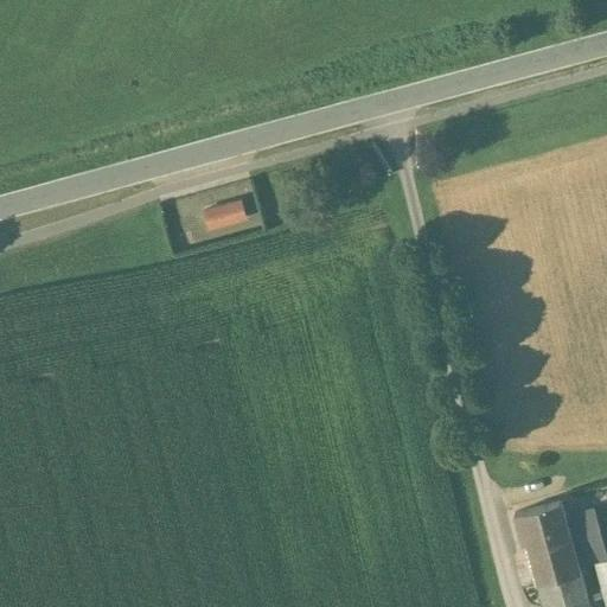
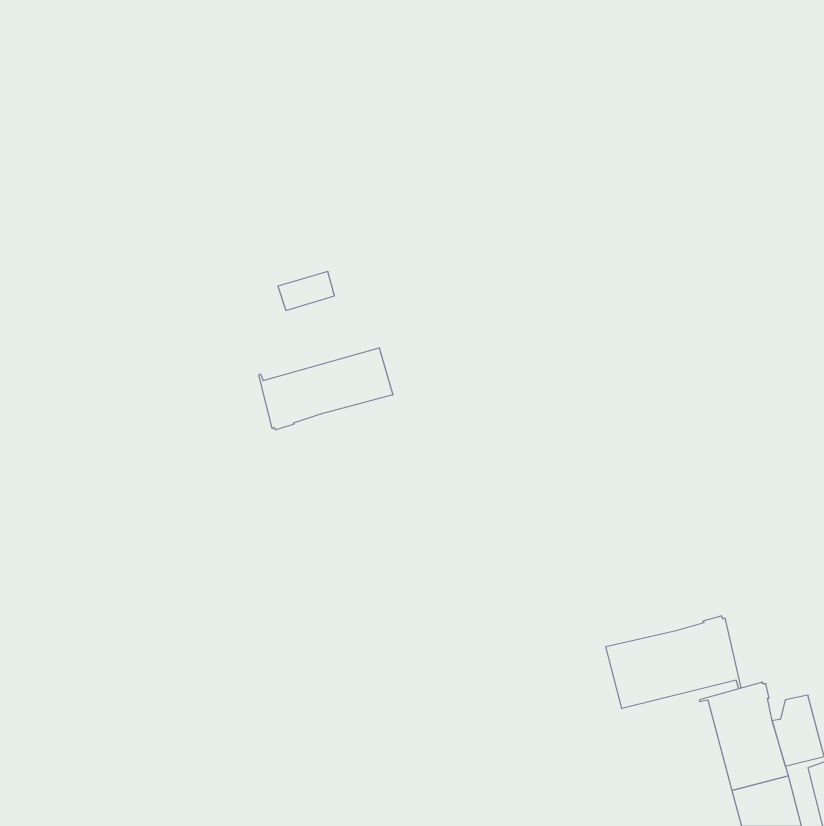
building: none -> [259,348,393,430]
building: none -> [606,616,741,709]

